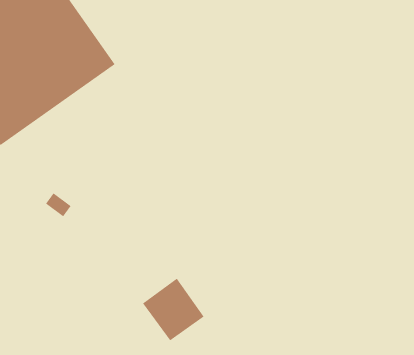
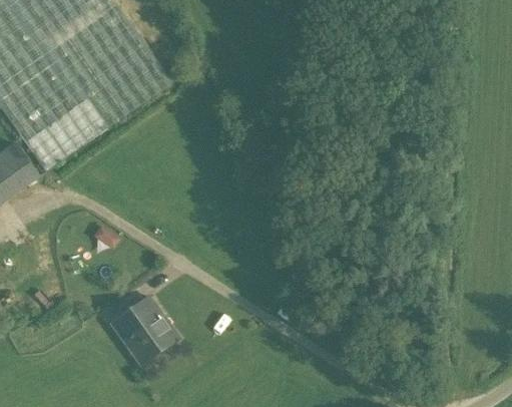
building: [142,278,205,341] -> [108,294,176,363]

